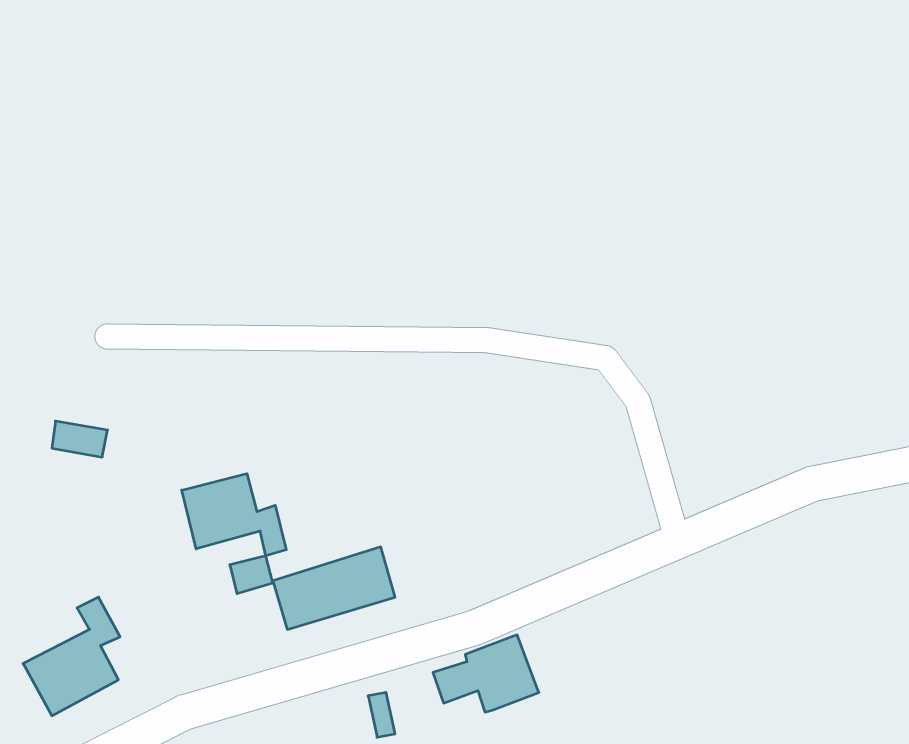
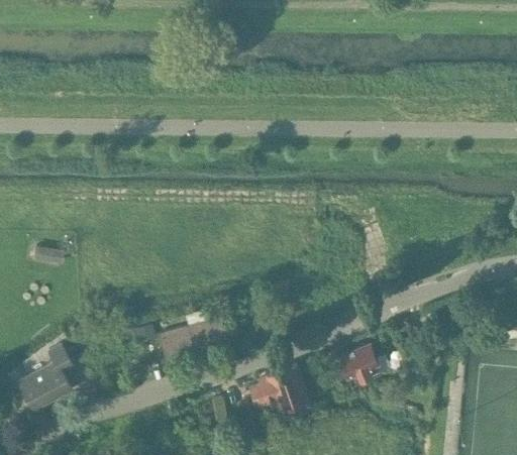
building: [182,474,286,556] -> none
building: none -> [333,344,390,385]

